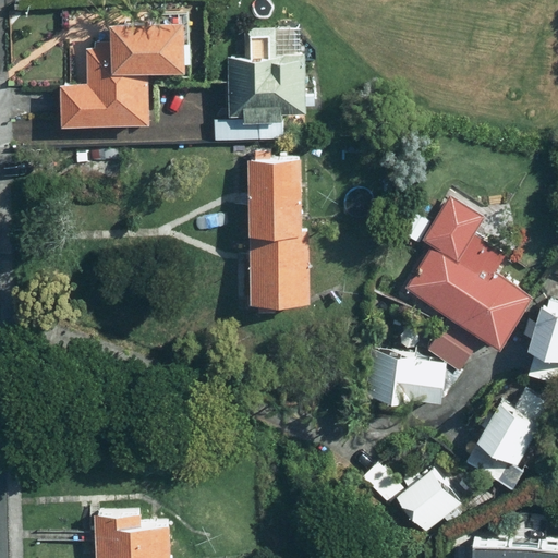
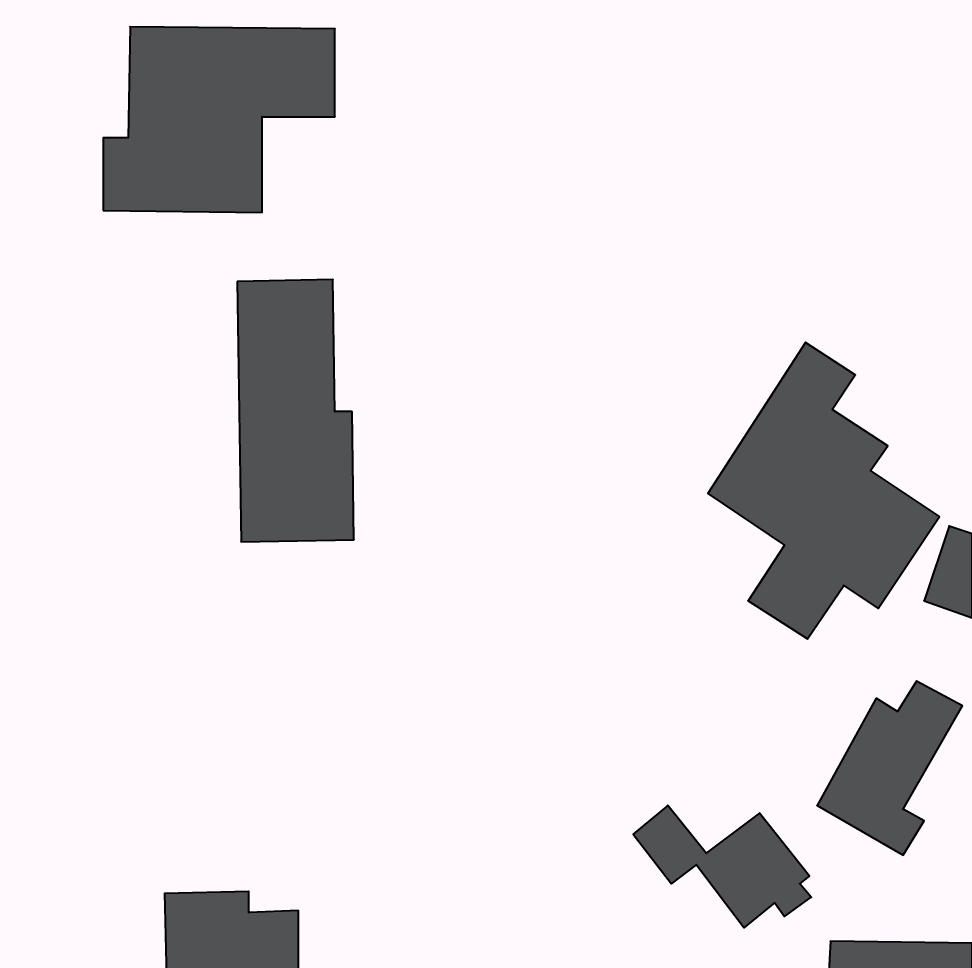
building: [211,31,305,143] -> none
building: [247,156,314,305] -> [237,280,354,542]
building: [366,352,446,399] -> none

